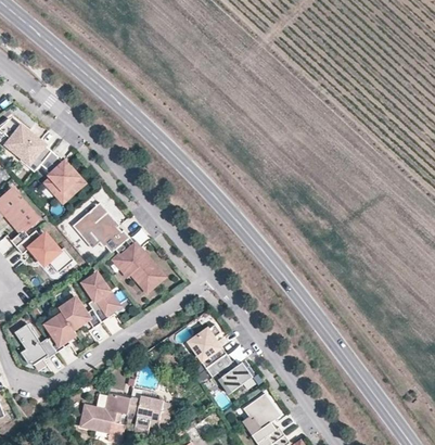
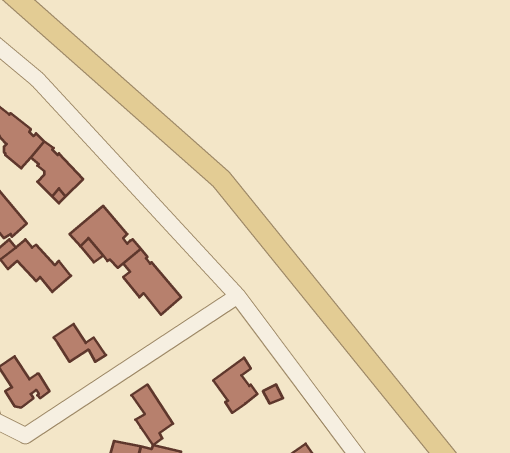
building: [86,275,119,323] -> [131,385,173,445]
building: [49,314,77,353] -> none
building: [205,355,253,394] -> none

